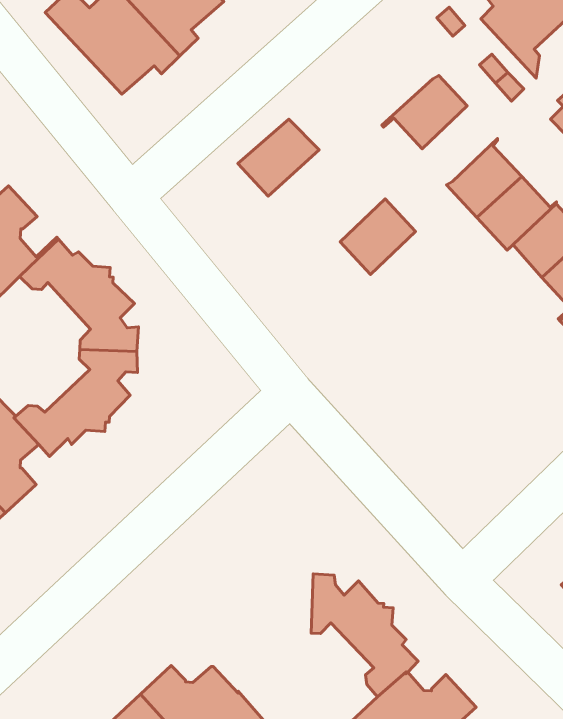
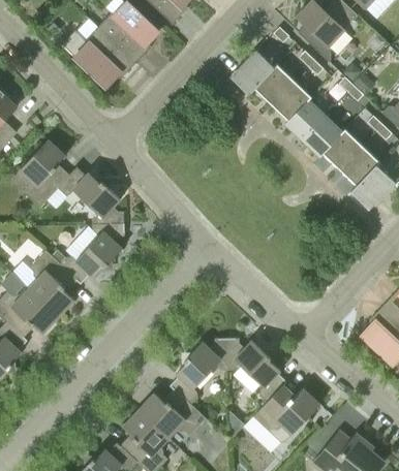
building: [238,119,319,196] -> [231,51,274,93]
building: [340,199,416,274] -> [271,80,311,121]
building: none -> [170,338,228,405]

